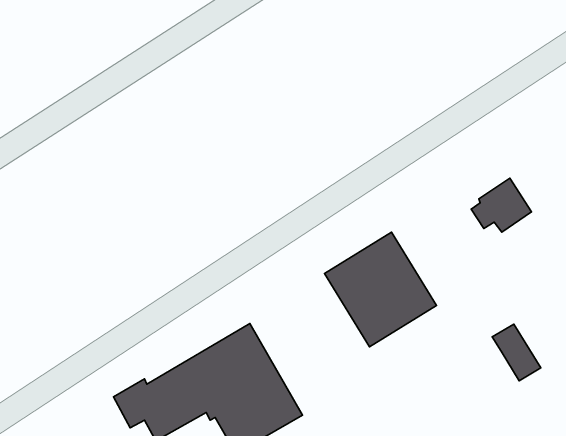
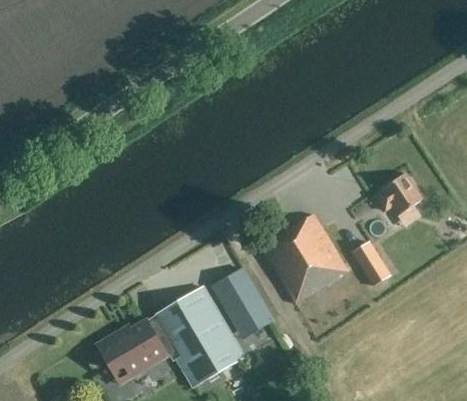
building: none -> [211,267,274,338]
building: [492,324,541,381] -> [352,242,390,286]

